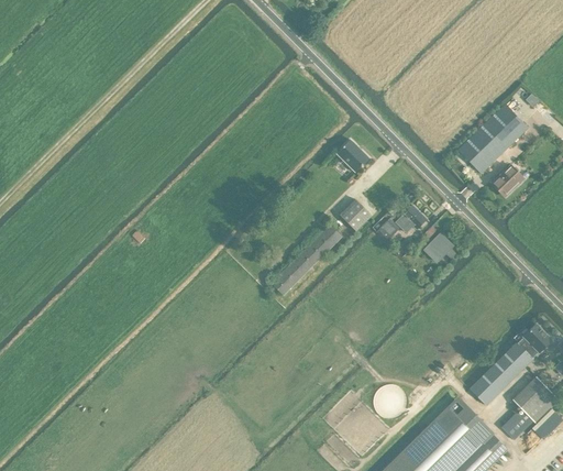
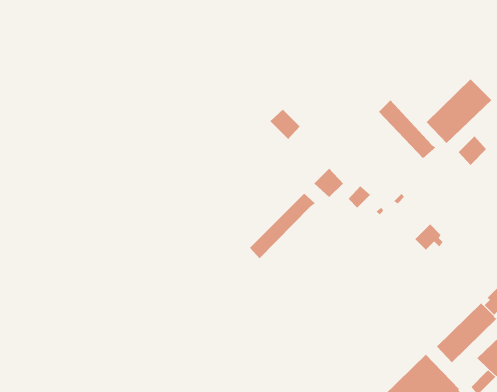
building: none -> [378,99,436,159]
building: [335,139,368,172] -> [269,109,301,140]
building: [395,205,426,232] -> none
building: [423,232,454,261] -> [415,224,444,251]

